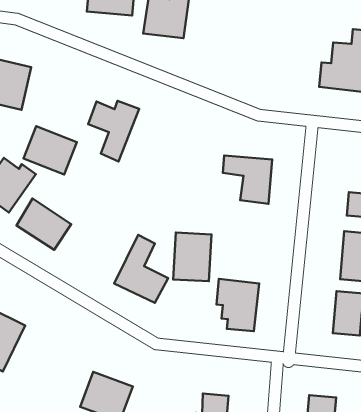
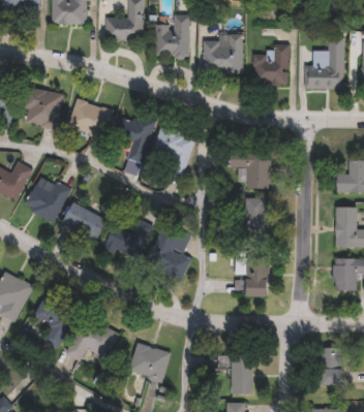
building: none -> [204,35,243,74]
building: none -> [254,44,290,86]
building: none -> [151,126,195,175]
building: [23,126,77,174] -> [68,100,112,138]
building: none -> [104,221,154,263]
building: [173,233,212,281] -> [237,198,268,239]
building: none -> [66,317,120,362]

